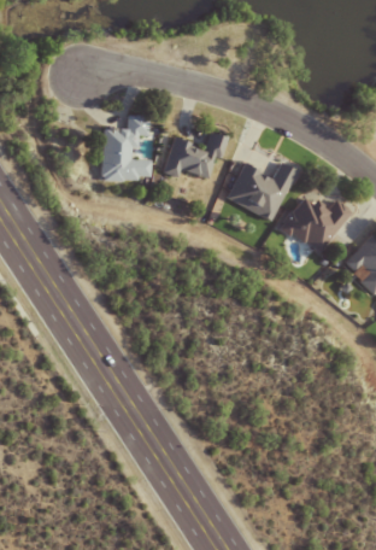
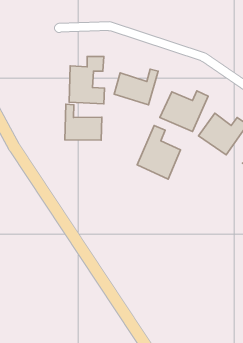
building: none -> [65,104,102,140]
building: none -> [137,126,180,179]

